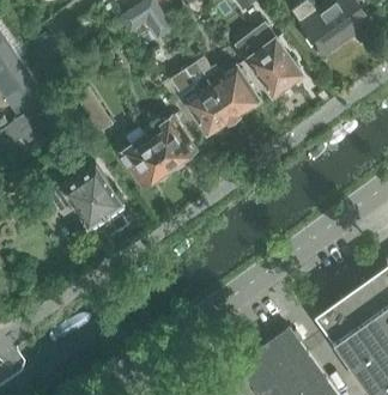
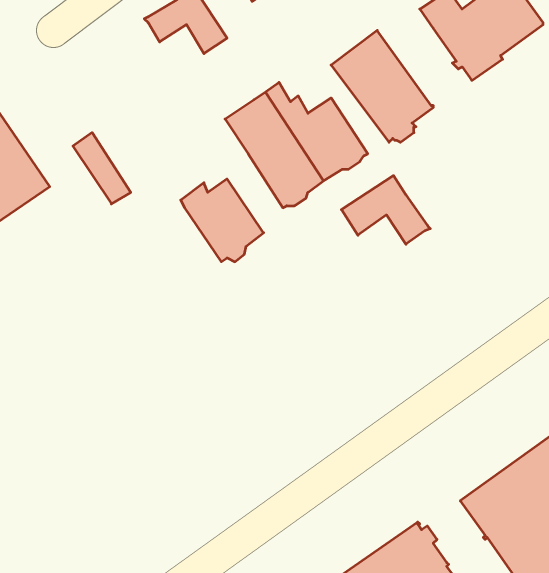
building: none -> [341,176,430,244]
building: [120,127,168,186] -> none
building: [49,164,122,227] -> none

